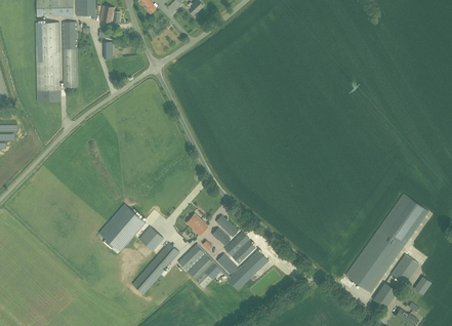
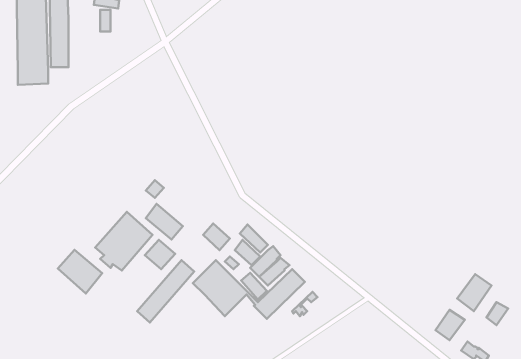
building: [345,193,427,292] -> none
building: none -> [146,204,183,239]
building: none -> [58,250,102,294]

